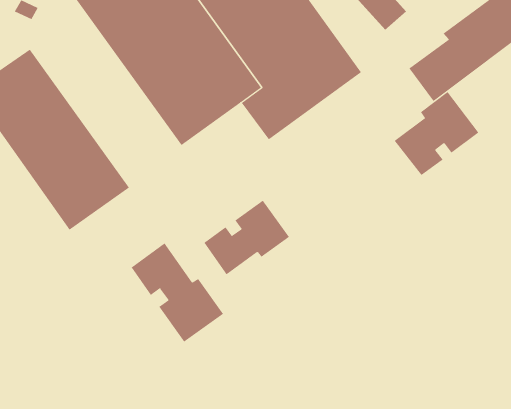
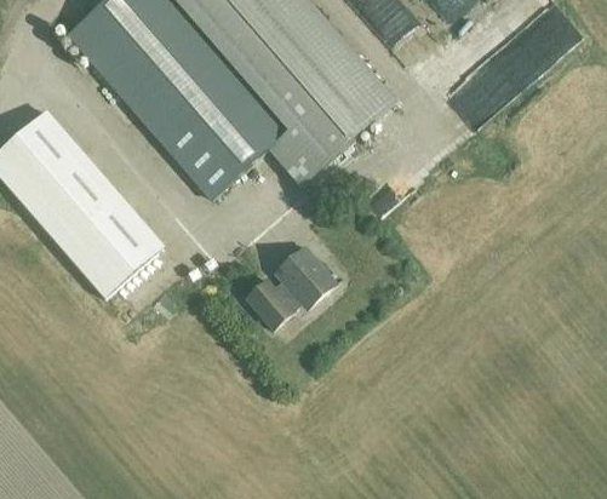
building: [394,91,479,176] -> none
building: [131,242,224,343] -> none

